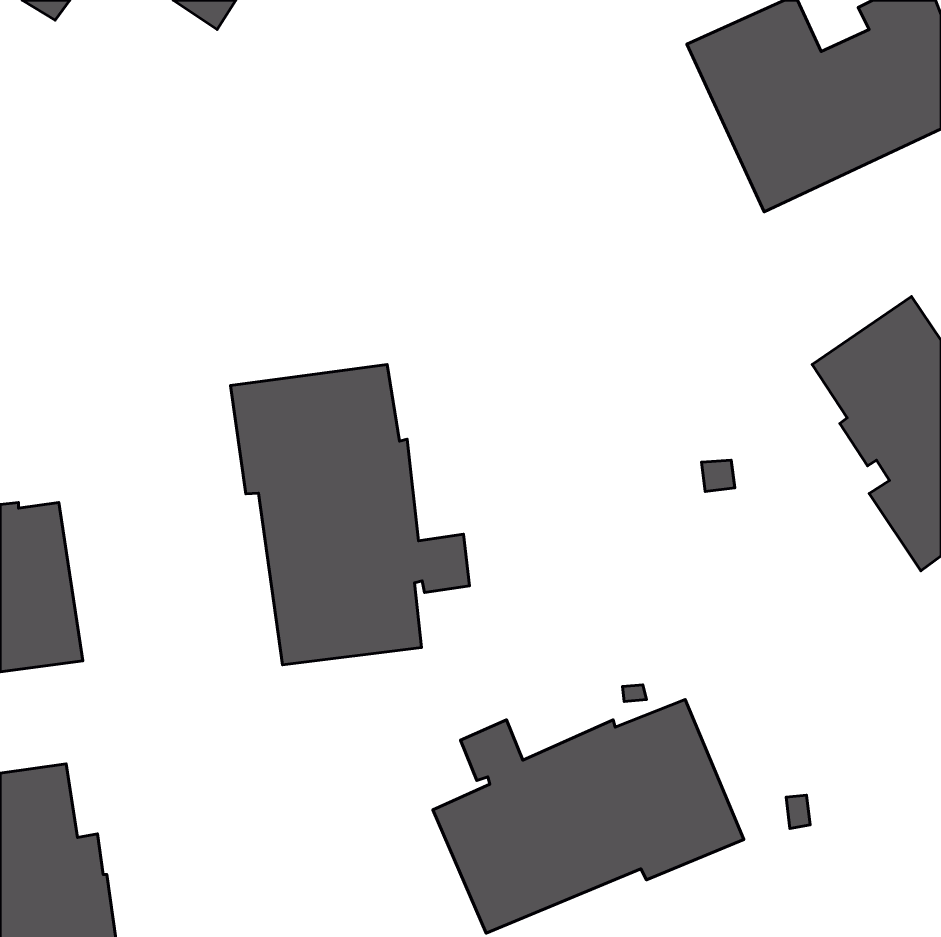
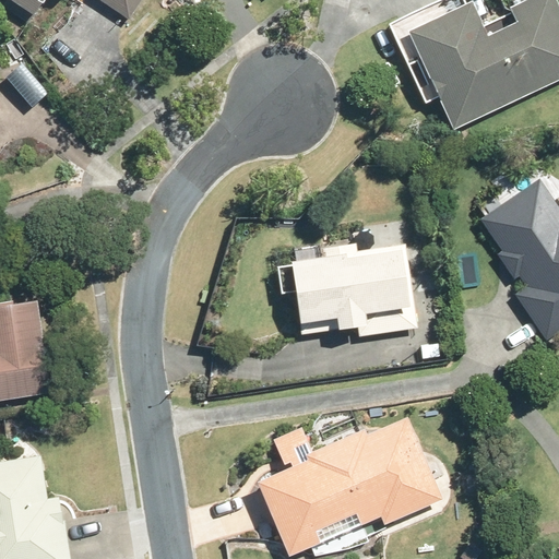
building: [231,364,470,665] -> none
building: none -> [276,242,417,337]

